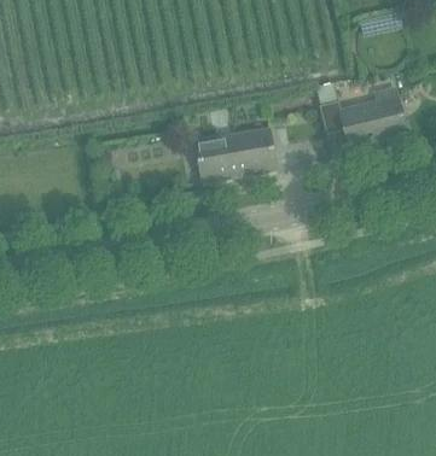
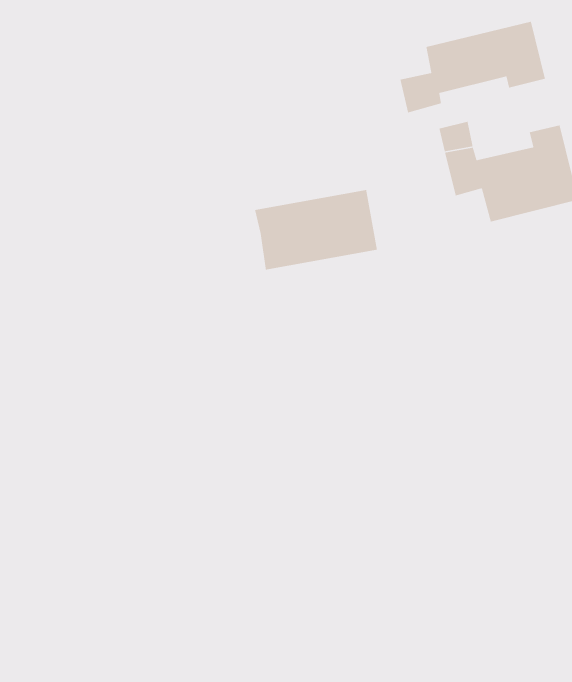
building: none -> [399,21,546,114]

